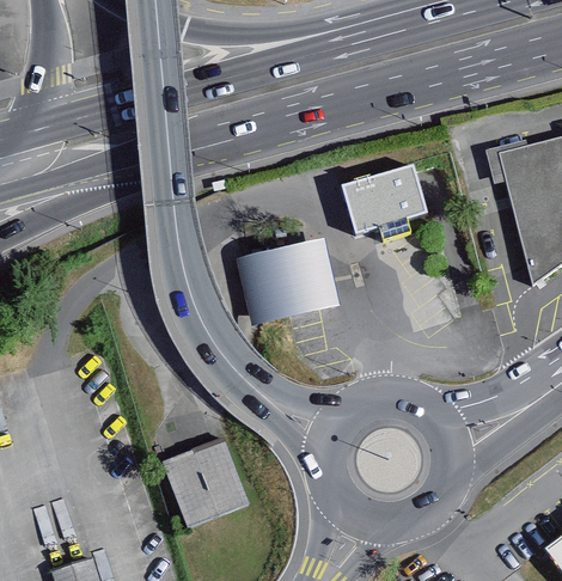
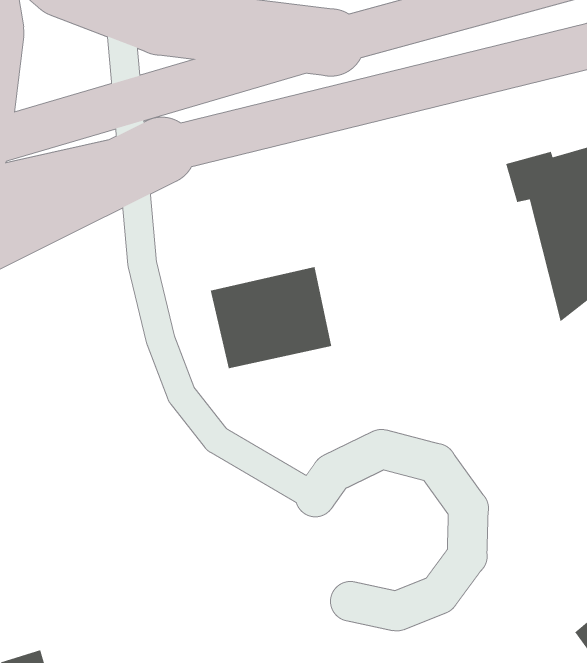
building: [341,163,428,238] -> none
building: [166,441,249,525] -> none

